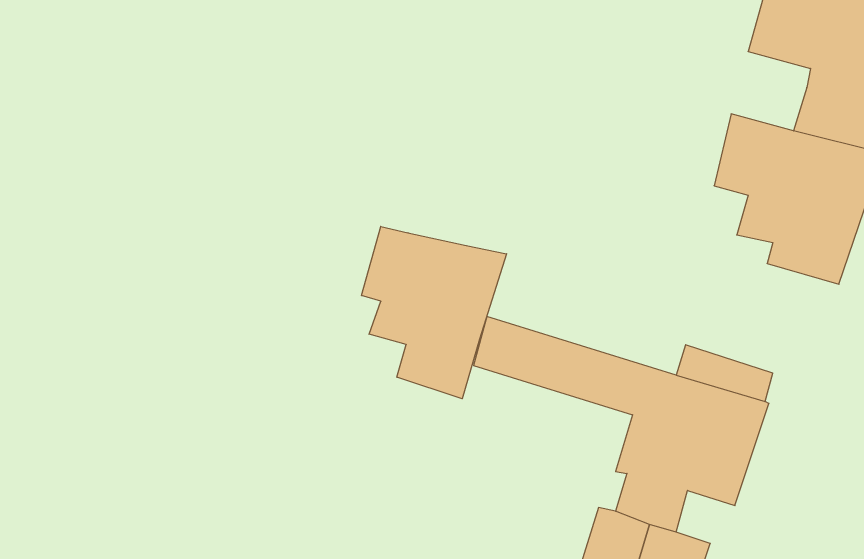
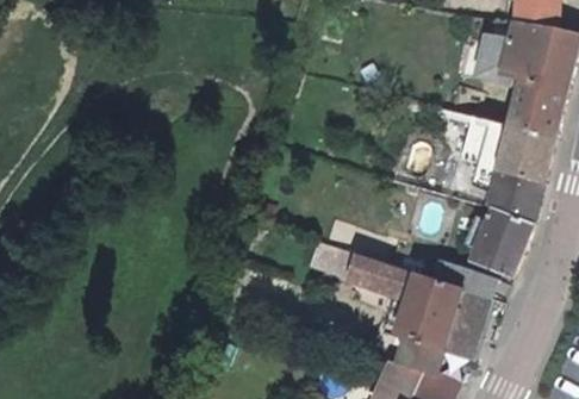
building: [362,226,507,399] -> none
building: none -> [465,200,535,267]

